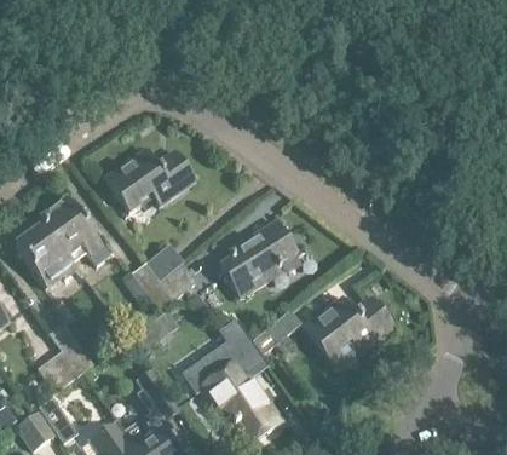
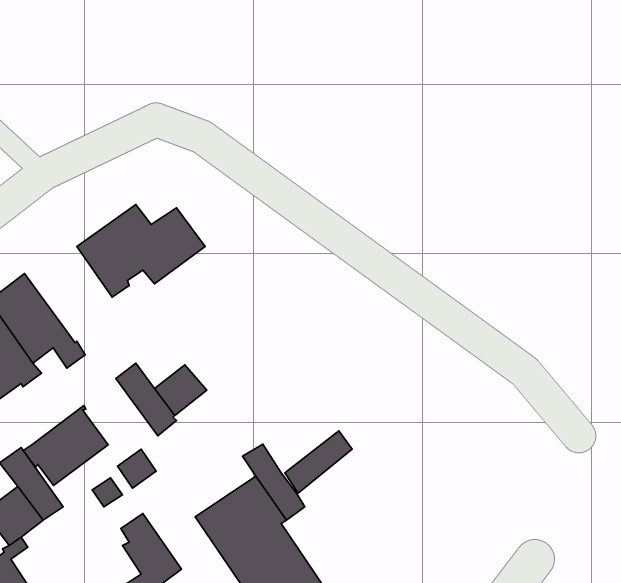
building: [217,220,295,296] -> none
building: [145,242,183,280] -> none
building: none -> [23,405,108,486]
building: [301,295,393,370] -> none

